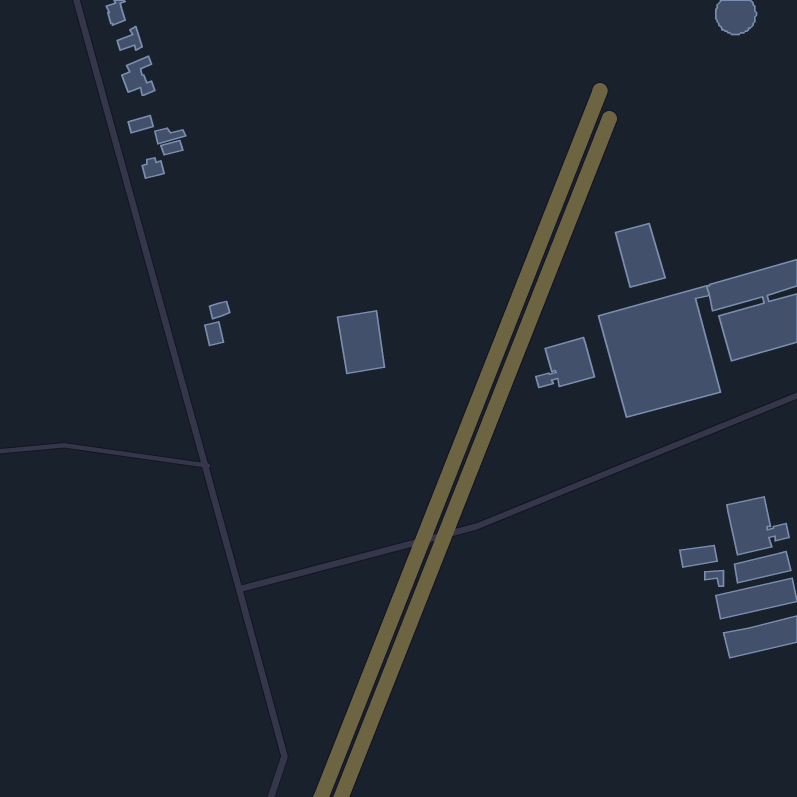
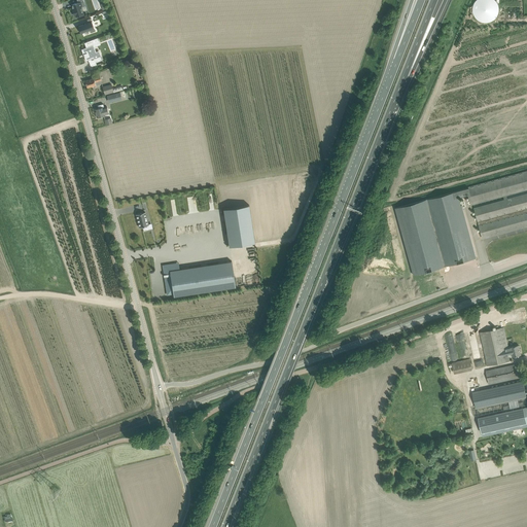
building: [616,223,665,287] -> none
building: [536,338,594,387] -> none
building: none -> [162,262,235,297]

